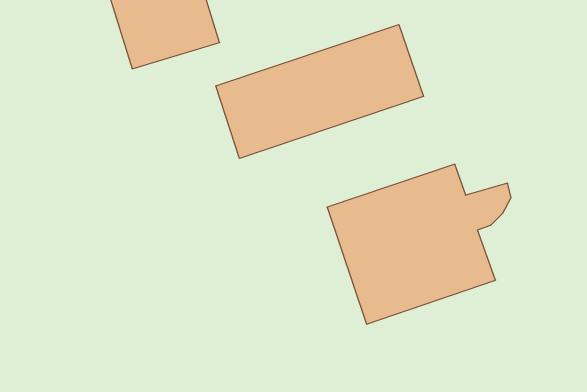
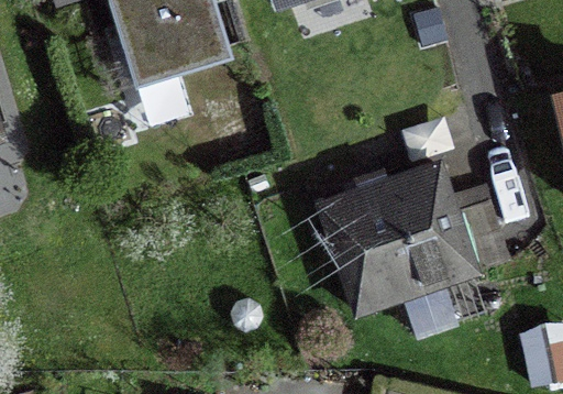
building: [216,25,424,158] -> none

